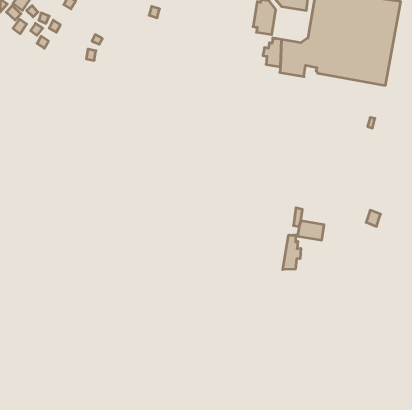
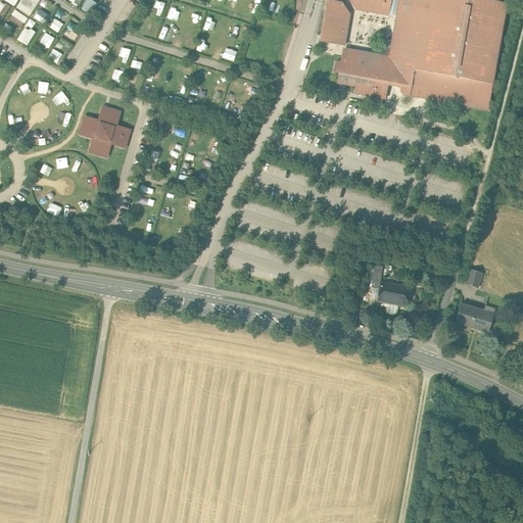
building: none -> [82,108,127,153]
building: [283,235,301,270] -> none
building: none -> [456,302,493,332]

